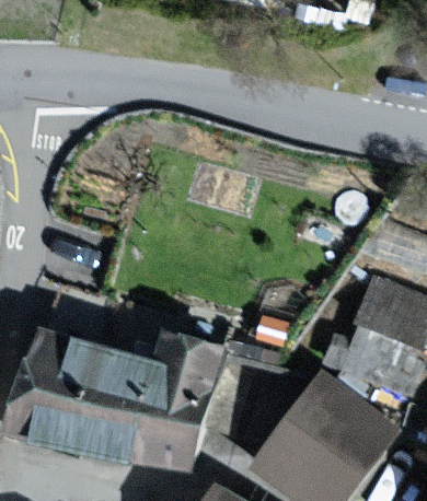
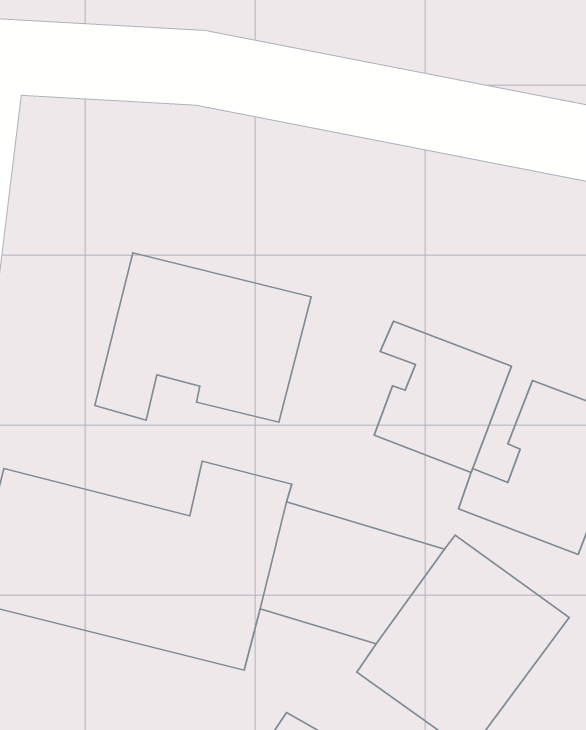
building: none -> [95,253,311,422]
building: none -> [374,321,511,473]

